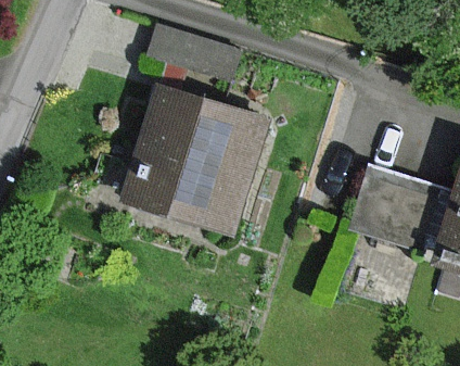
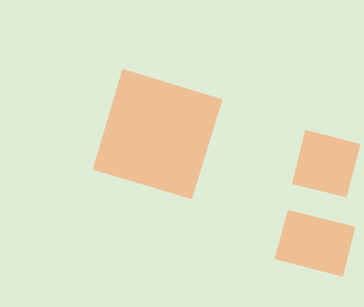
building: none -> [274,209,356,278]

